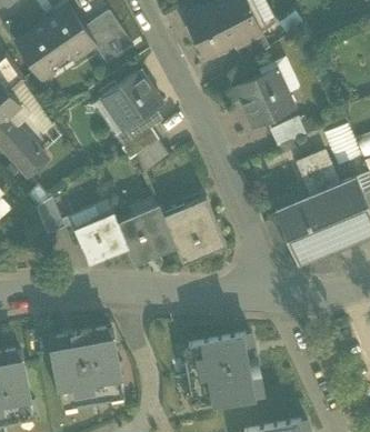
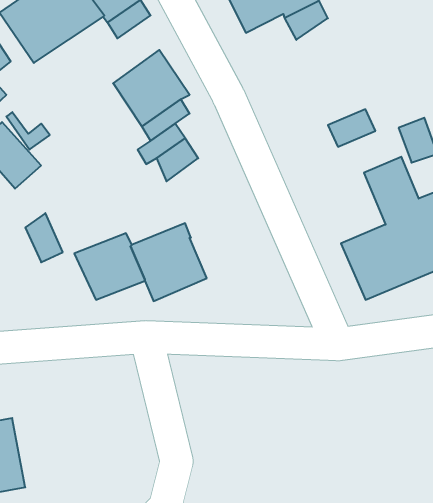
building: [233,67,292,125] -> none
building: [161,197,226,262] -> none
building: [53,329,124,400] -> none
building: [181,338,259,409] -> none

